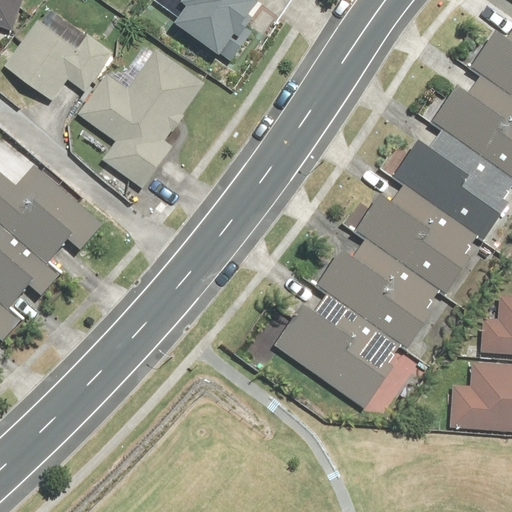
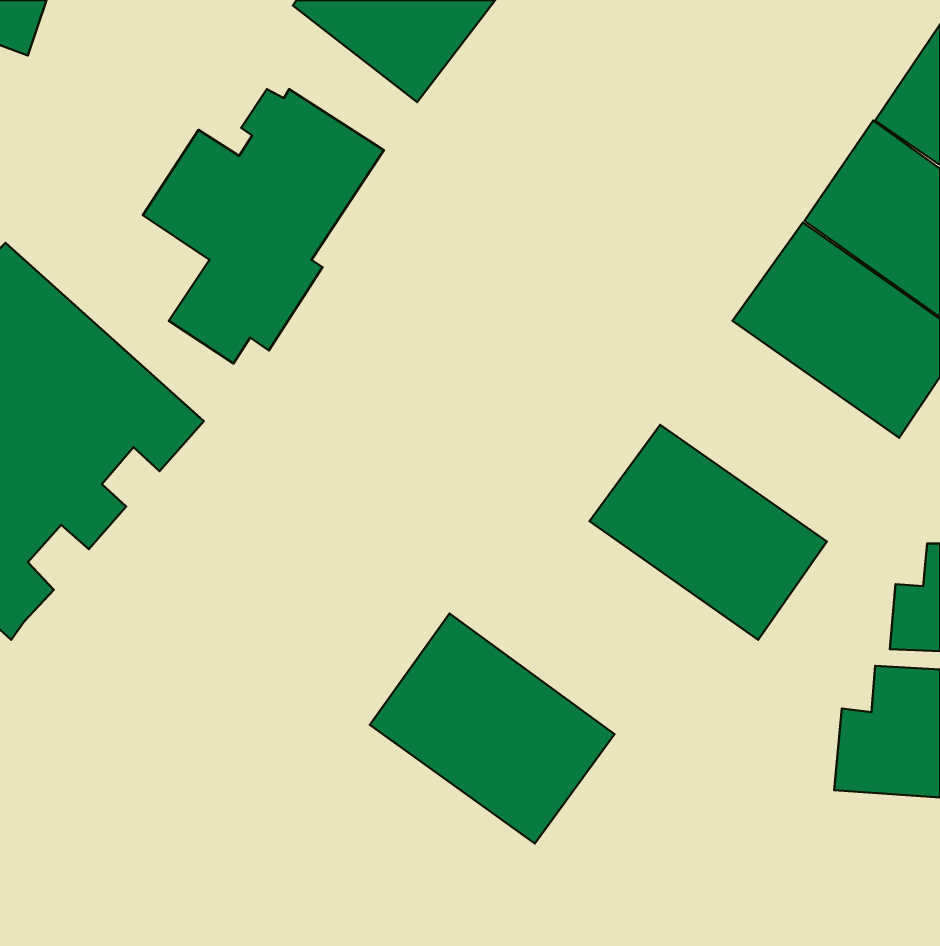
building: [5,9,117,101] -> none
building: [356,175,484,292] -> none
building: [275,283,407,407] -> [370,614,615,844]

